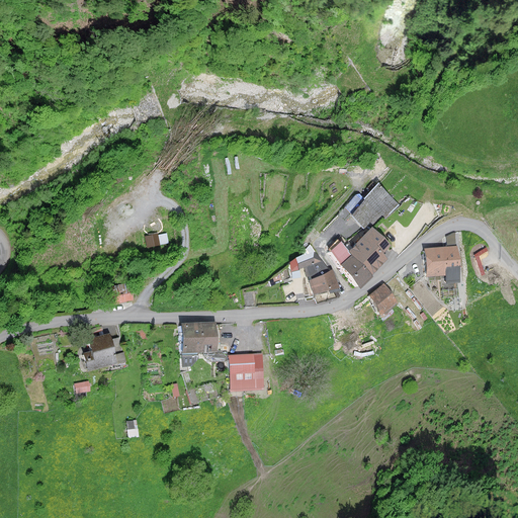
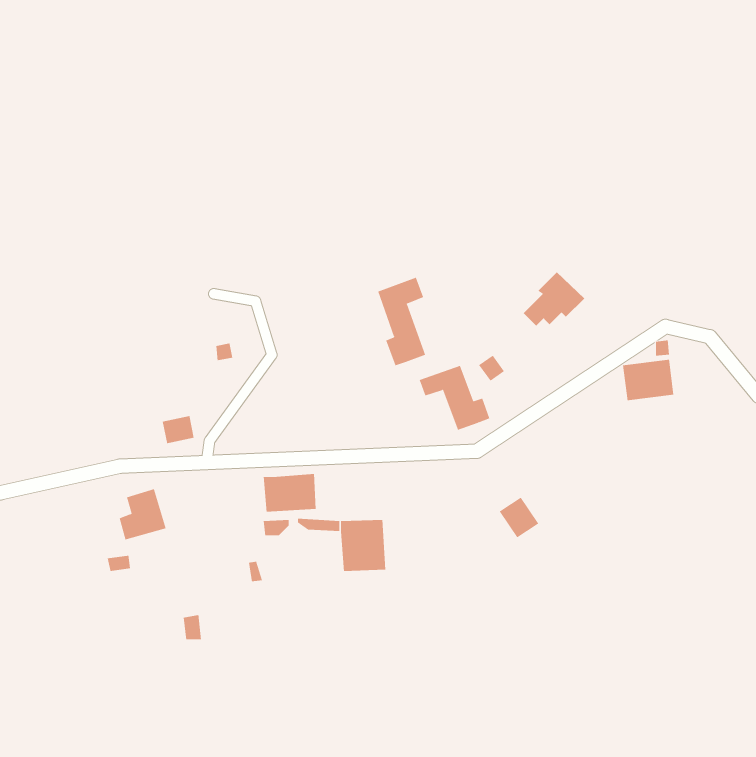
building: none -> [377,277,426,366]
building: [341,228,387,283] -> none
building: [368,284,396,313] -> [499,497,539,538]

